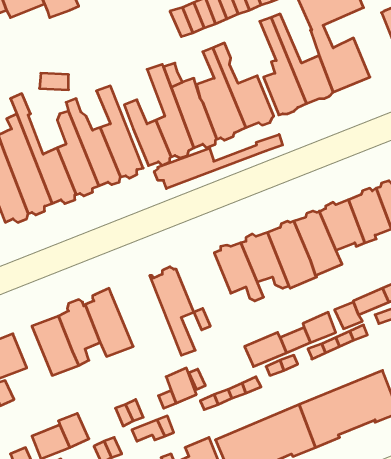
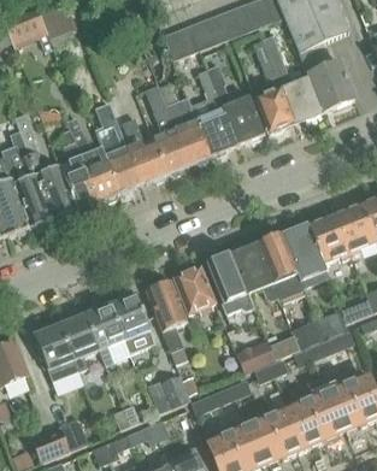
building: [154,134,283,189] -> none
building: none -> [175,266,216,312]
building: none -> [110,293,157,353]

